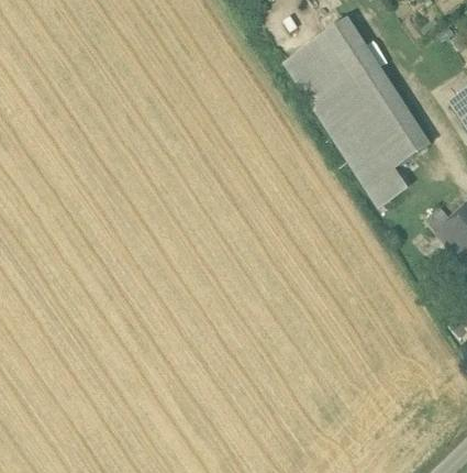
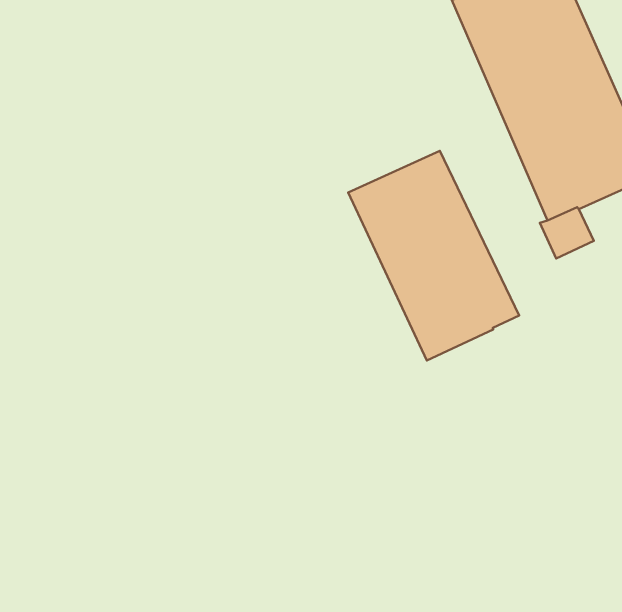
building: none -> [348,151,519,360]

